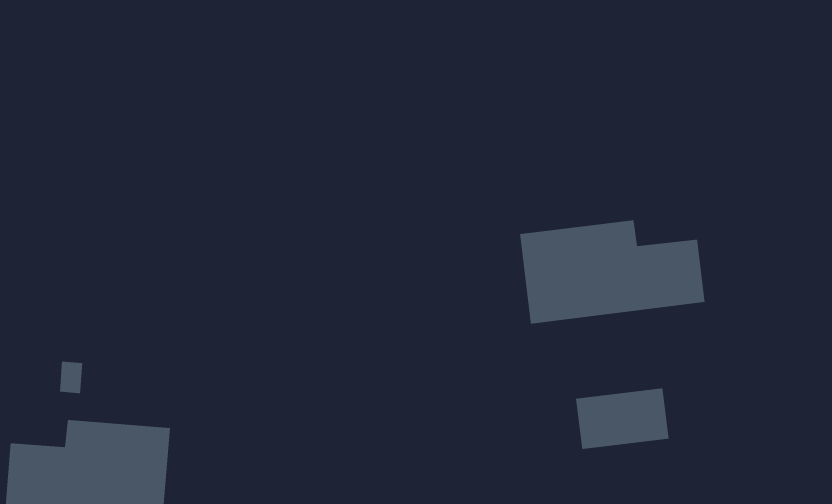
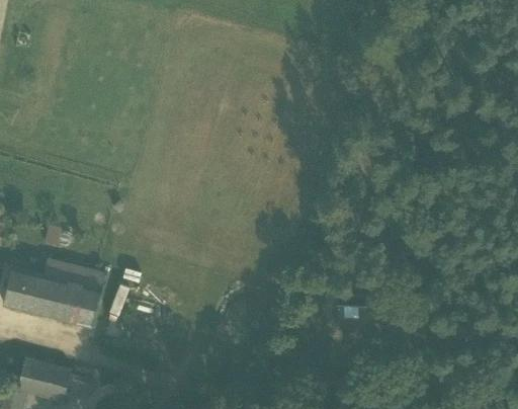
building: [519,220,705,325] -> none

